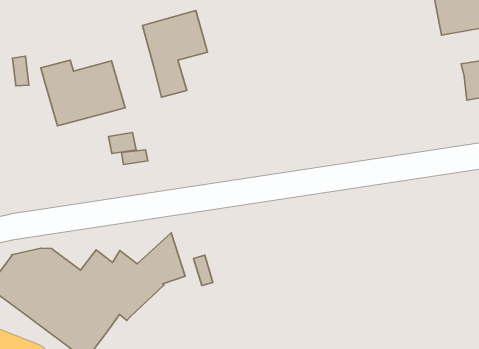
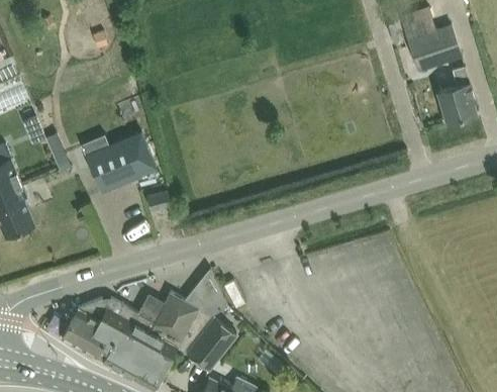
building: [143,11,208,97] -> none
building: none -> [187,321,234,368]

